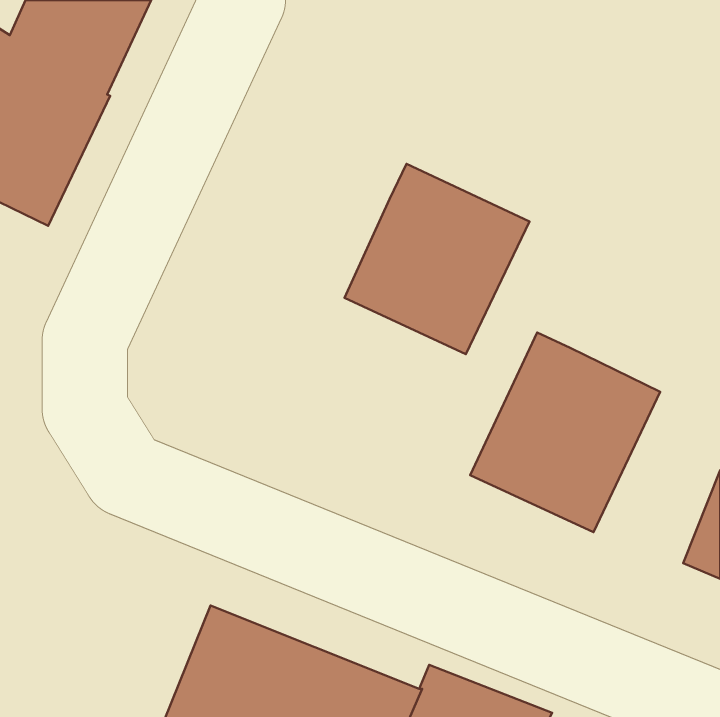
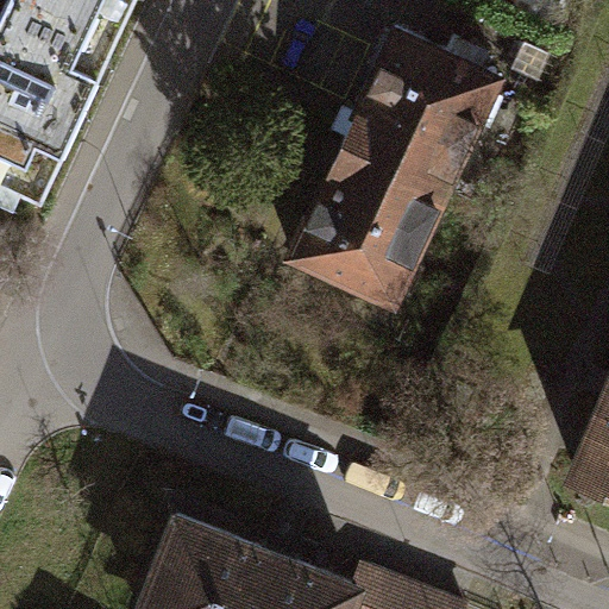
building: none -> [343,29,500,190]
building: [470,333,660,532] -> none

